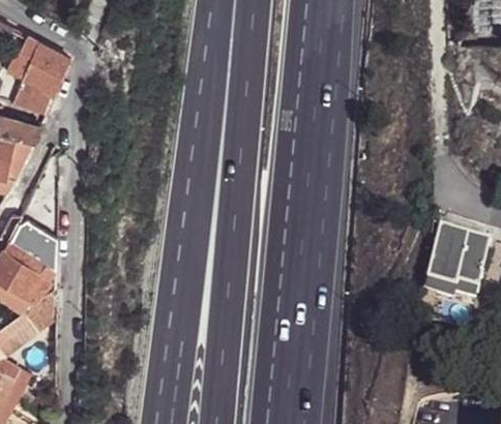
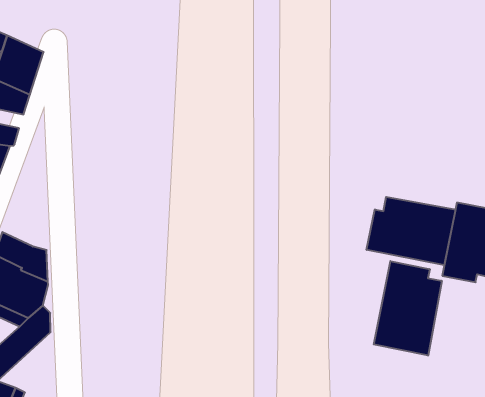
building: none -> [367,197,456,265]
building: none -> [374,261,442,356]

